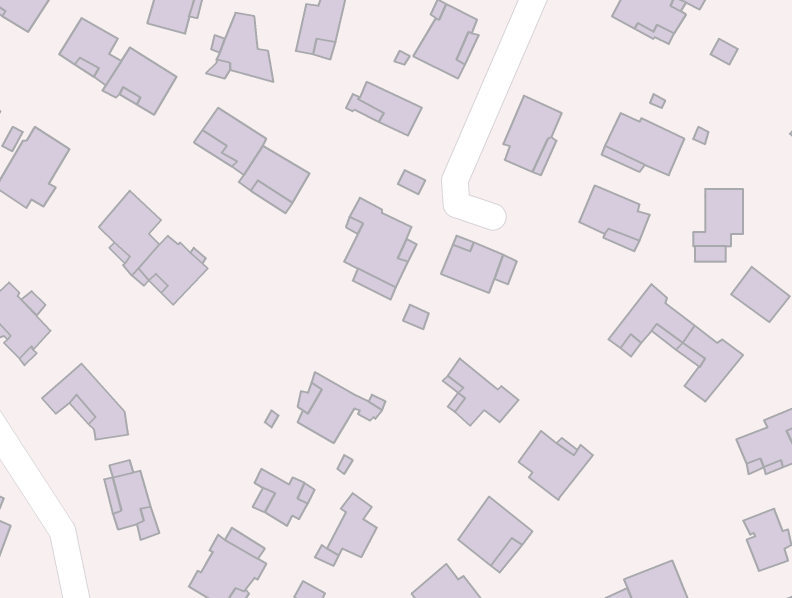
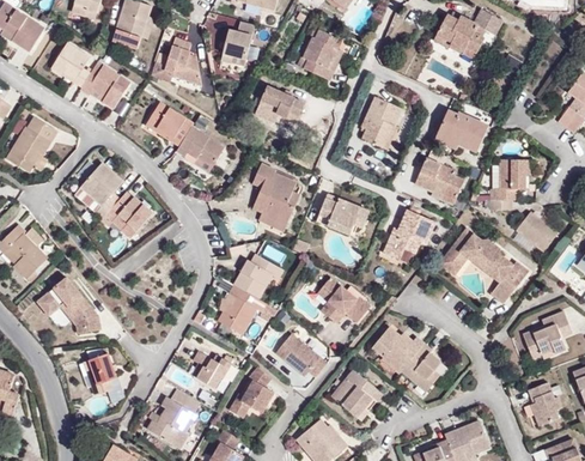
building: none -> [384,211,434,261]
building: none -> [230,256,282,302]
building: none -> [274,333,325,376]
building: none -> [400,344,439,392]

